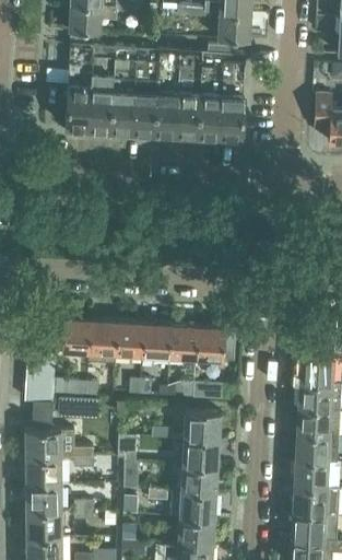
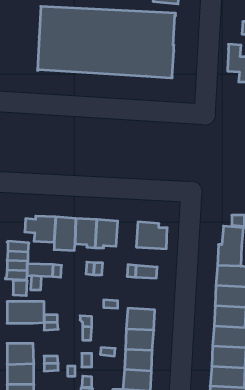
building: [168,326,197,360] -> none
building: [184,412,221,442] -> none
building: [26,459,60,486] -> none

